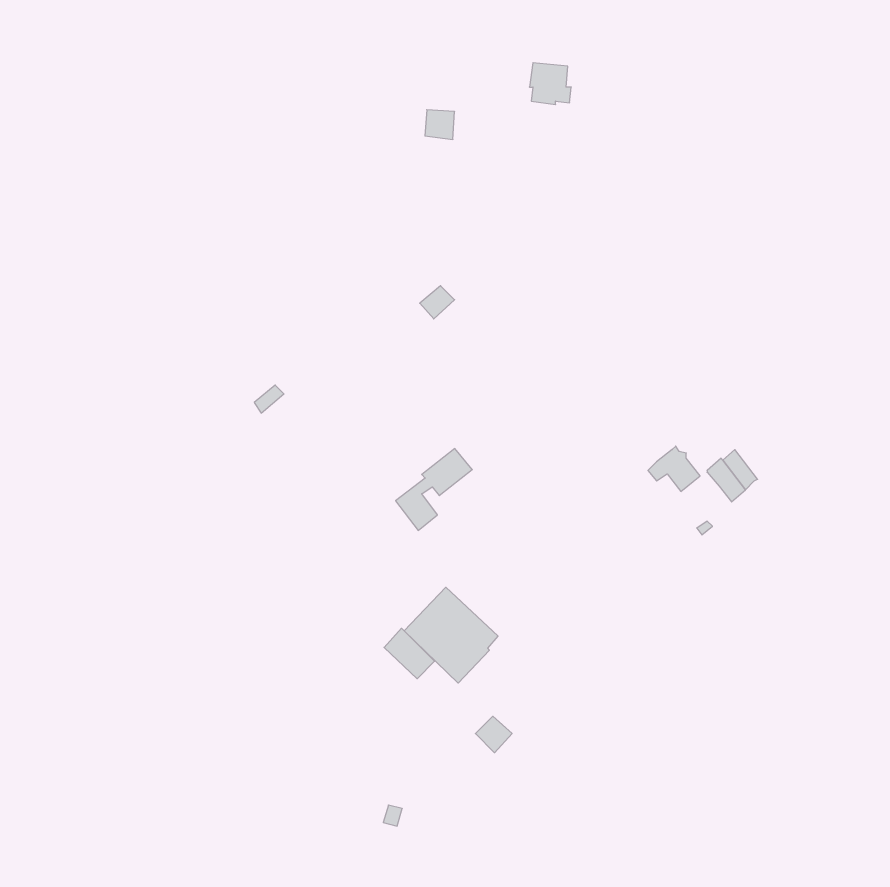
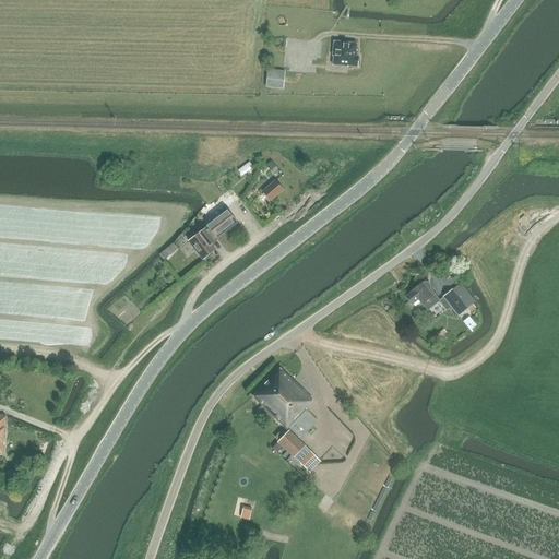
building: [396,449,472,530] -> [190,206,238,258]
building: [384,628,435,679] -> [277,428,309,460]

